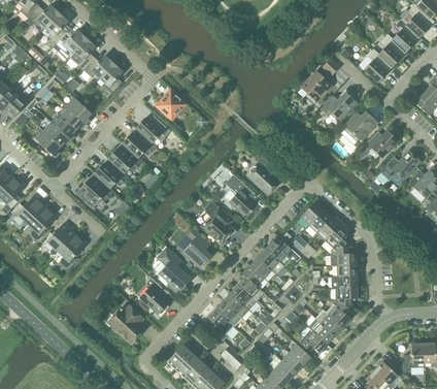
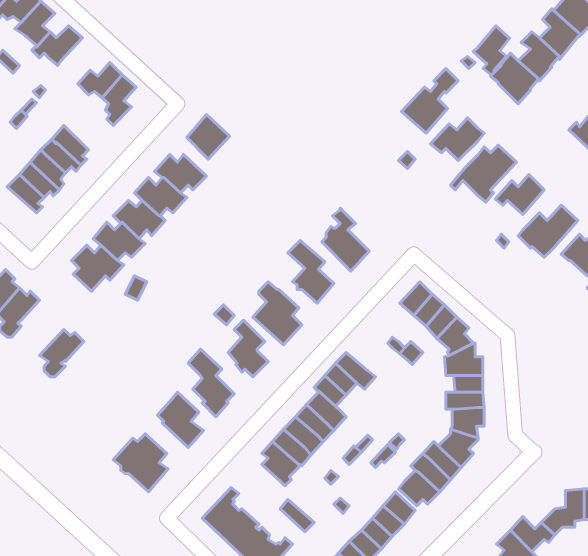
building: none -> [473,26,510,75]
building: [70,38,96,69] -> none
building: [47,221,74,252] -> none
building: [264,238,293,266] -> none

